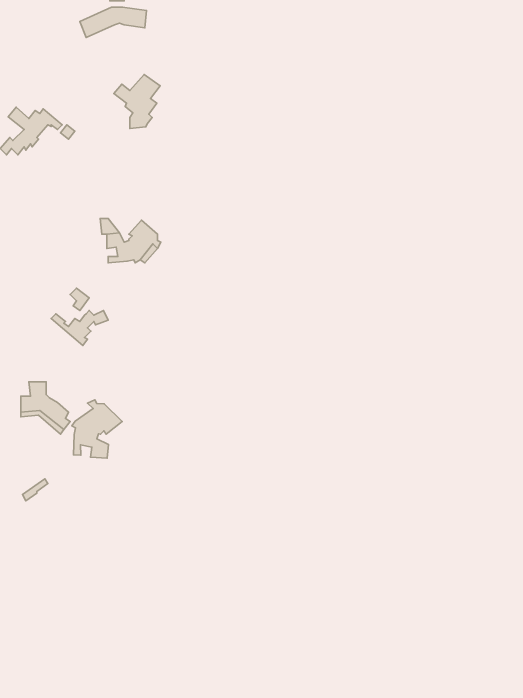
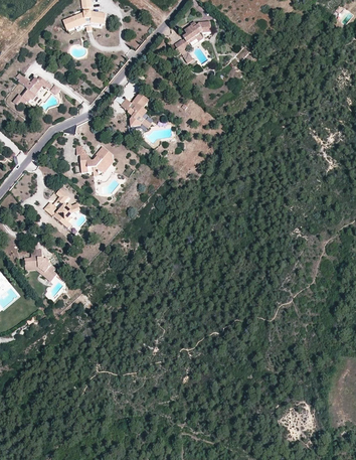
building: none -> [174,20,211,51]
building: [114,75,160,129] -> [121,93,150,127]
building: [72,400,122,458] -> none

